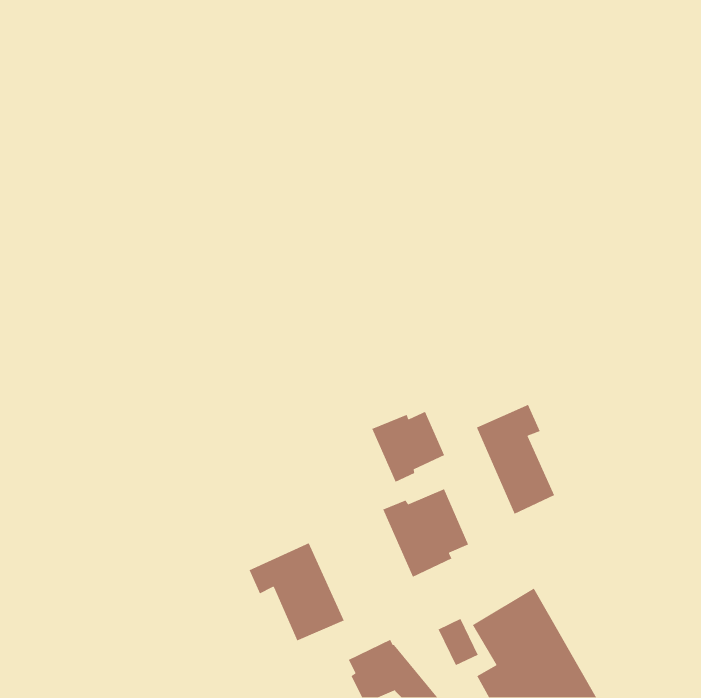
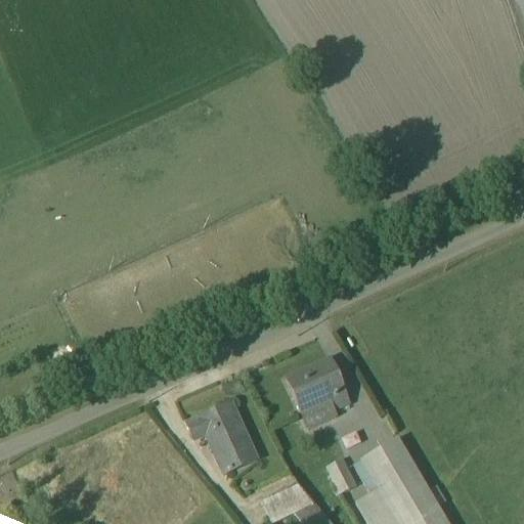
building: [476,404,555,515] -> none
building: [371,411,445,483] -> none

